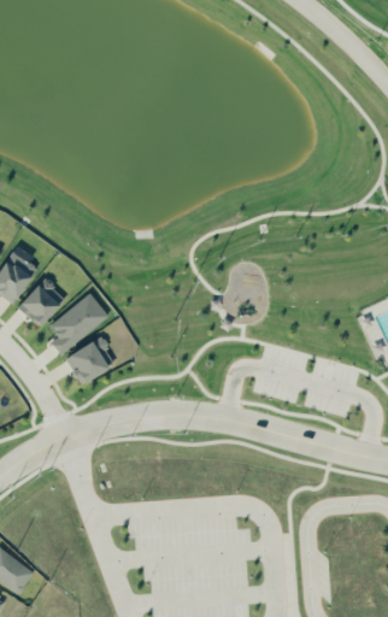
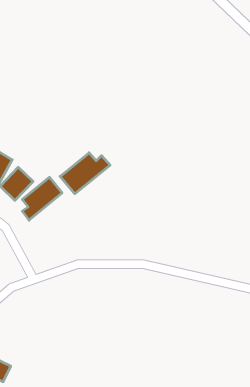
building: none -> [60,153,110,194]
building: [66,337,114,382] -> none

